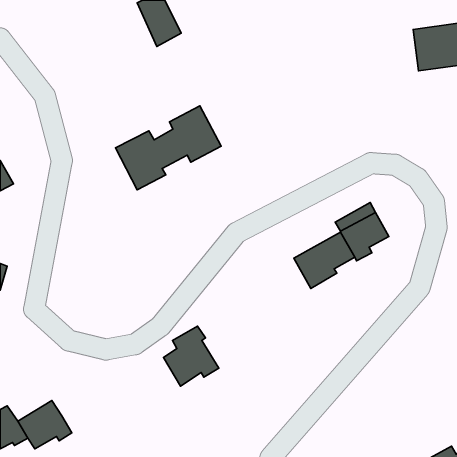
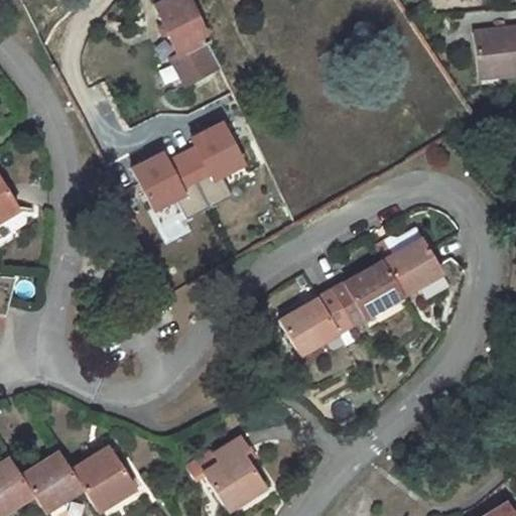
building: none -> [171,38,218,81]
building: none -> [280,291,351,350]
building: [163,326,219,386] -> [204,439,266,507]
building: none -> [71,445,135,506]

